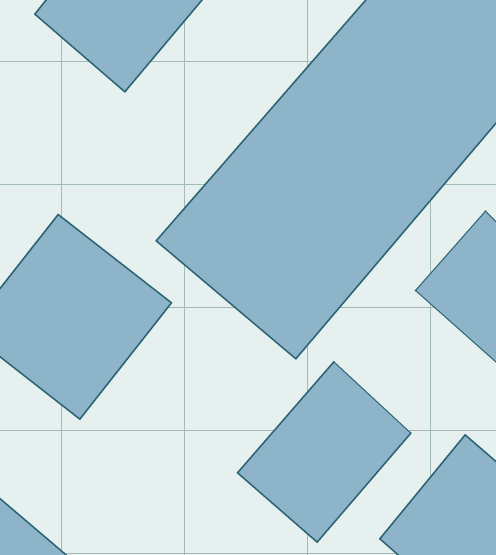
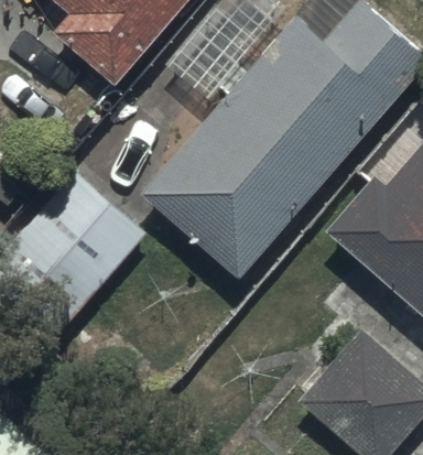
building: [238,362,411,542] -> none

